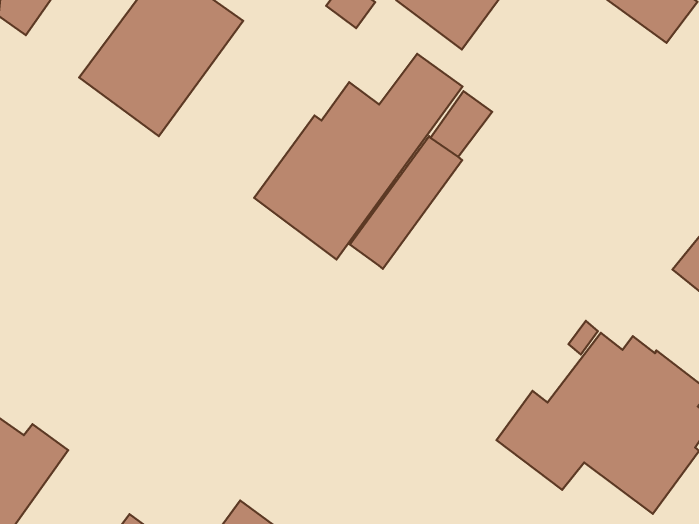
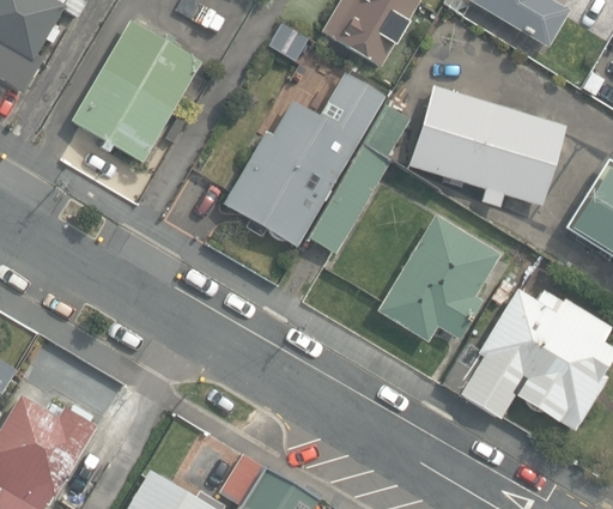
building: none -> [409,86,566,208]
building: none -> [376,214,499,344]

